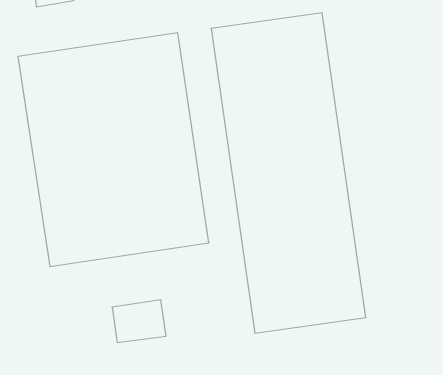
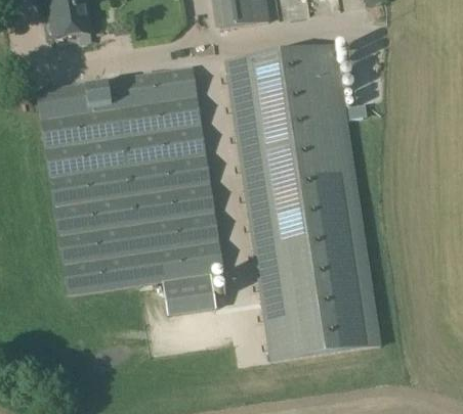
building: [112,300,166,342] -> [162,274,215,316]

